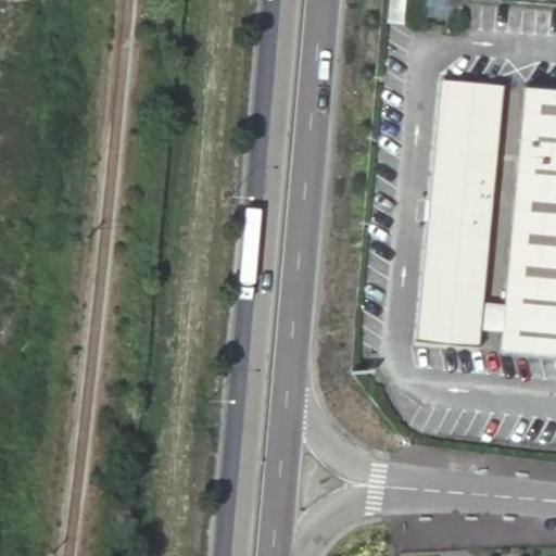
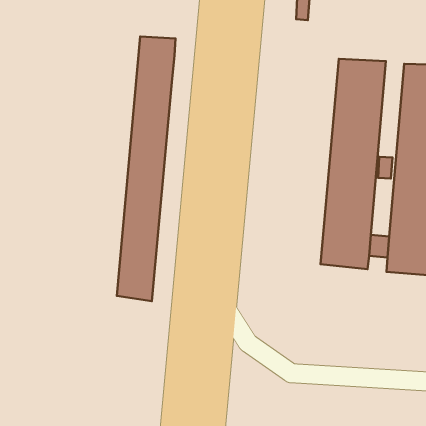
building: none -> [117,36,176,301]

